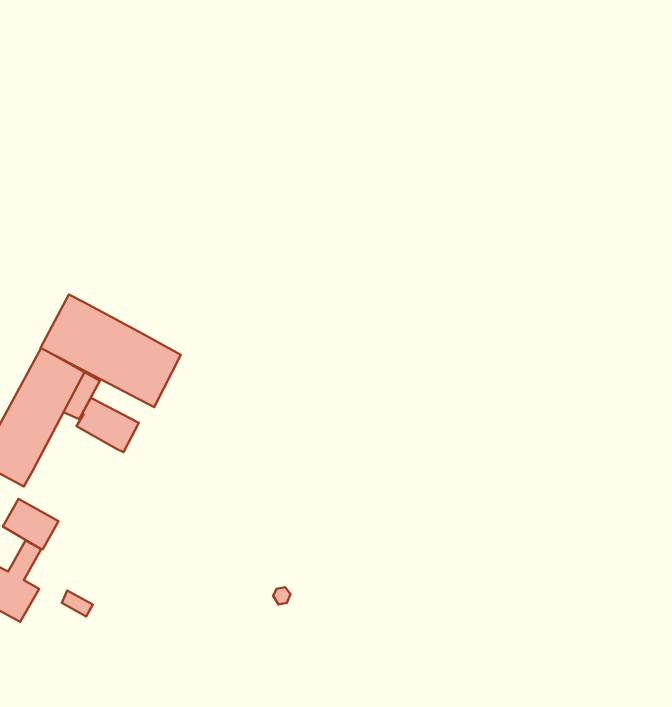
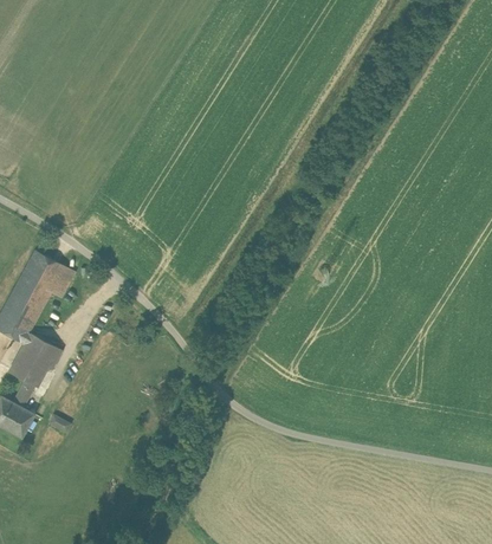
building: [41,294,181,407] -> none
building: [77,399,139,452] -> [19,333,62,370]

